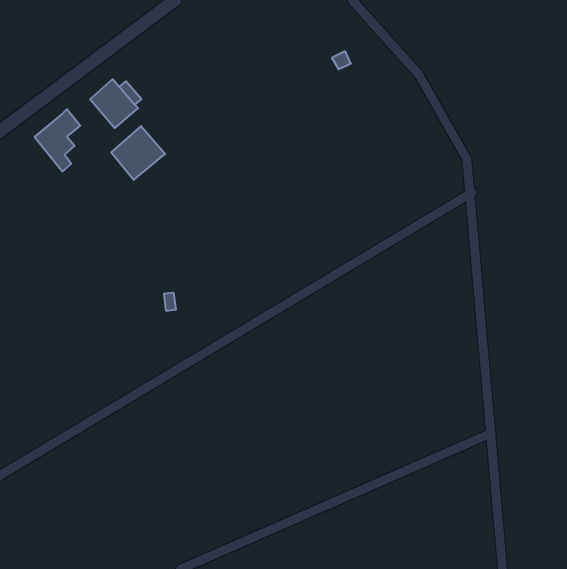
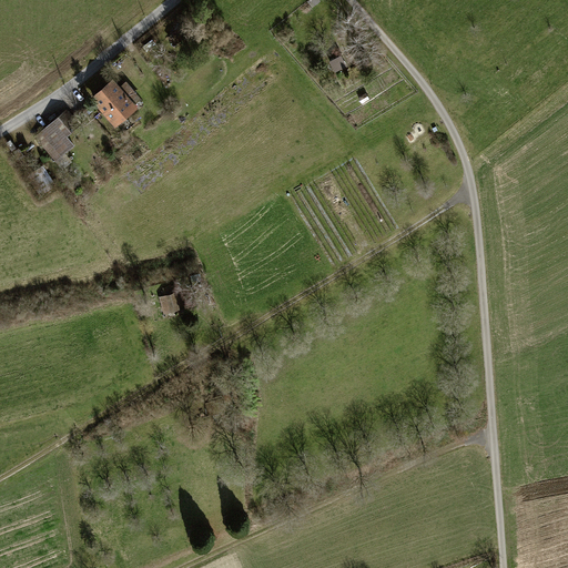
building: [111,126,165,180] -> none

